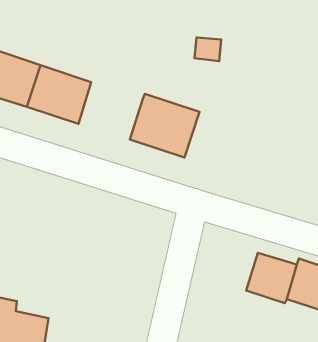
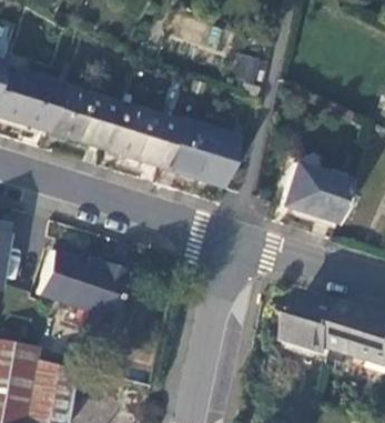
building: none -> [105,104,178,169]
building: none -> [282,163,352,223]
building: none -> [36,248,124,313]

